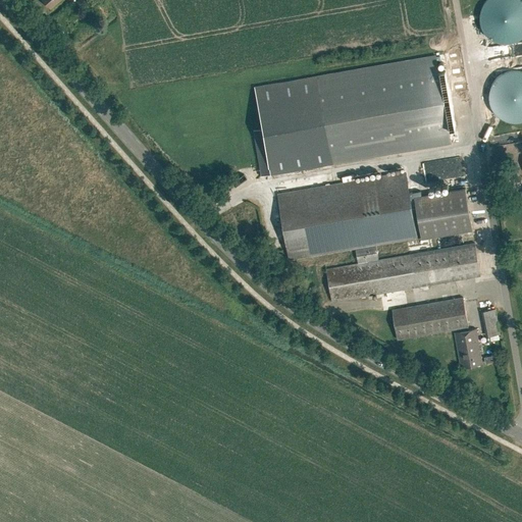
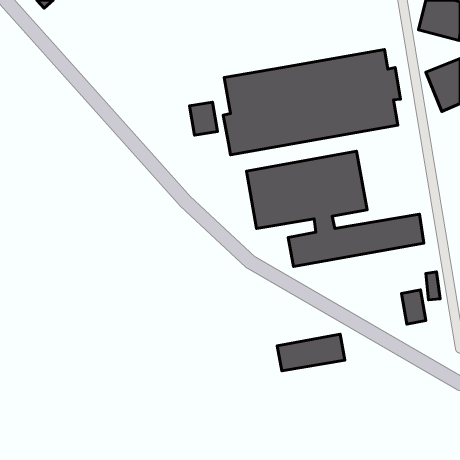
building: none -> [189,102,218,135]
building: [415,188,473,238] -> none
building: [393,297,469,338] -> [277,334,345,371]

